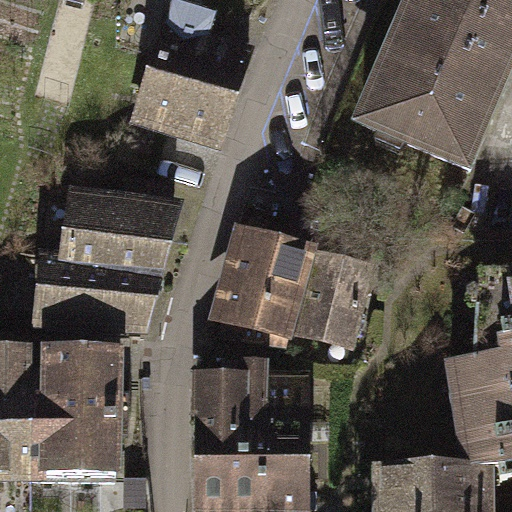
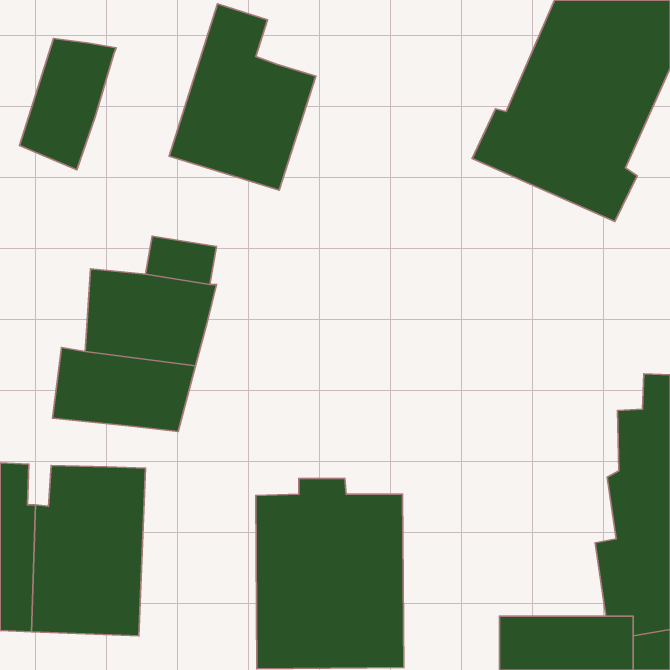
building: none -> [19,39,116,170]
building: [218,237,311,346] -> none
building: [299,255,368,341] -> none

